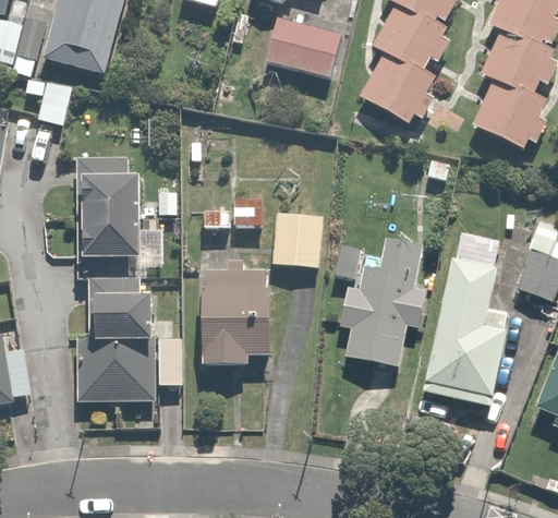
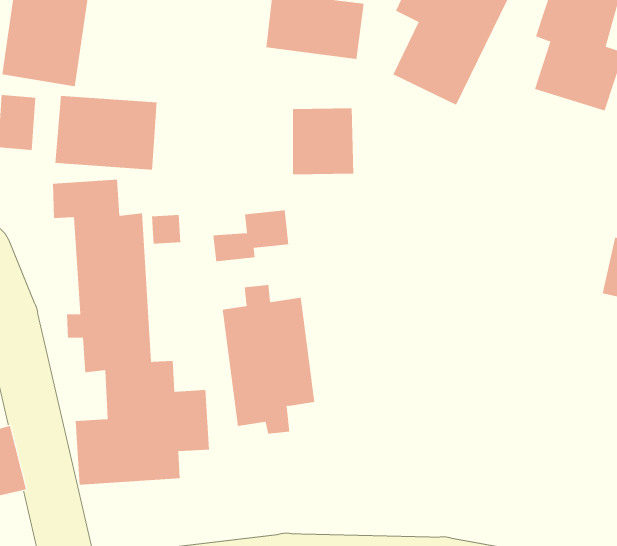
building: none -> [55,95,157,171]
building: [269,209,324,267] -> [292,108,354,175]
building: [421,233,509,409] -> none
building: [338,237,428,366] -> none

